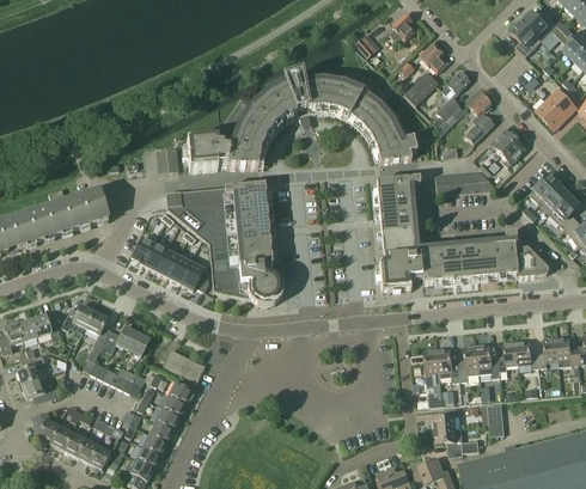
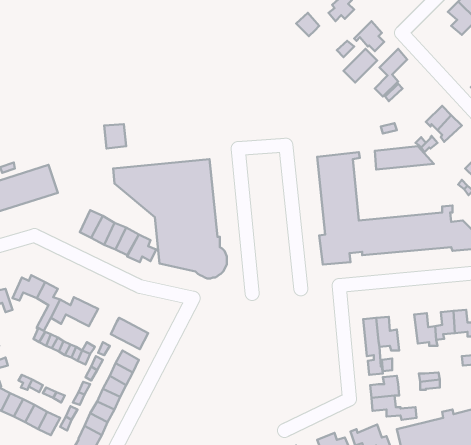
building: [185,74,416,172] -> none
building: [465,92,493,143] -> none
building: [458,344,480,381] -> none

